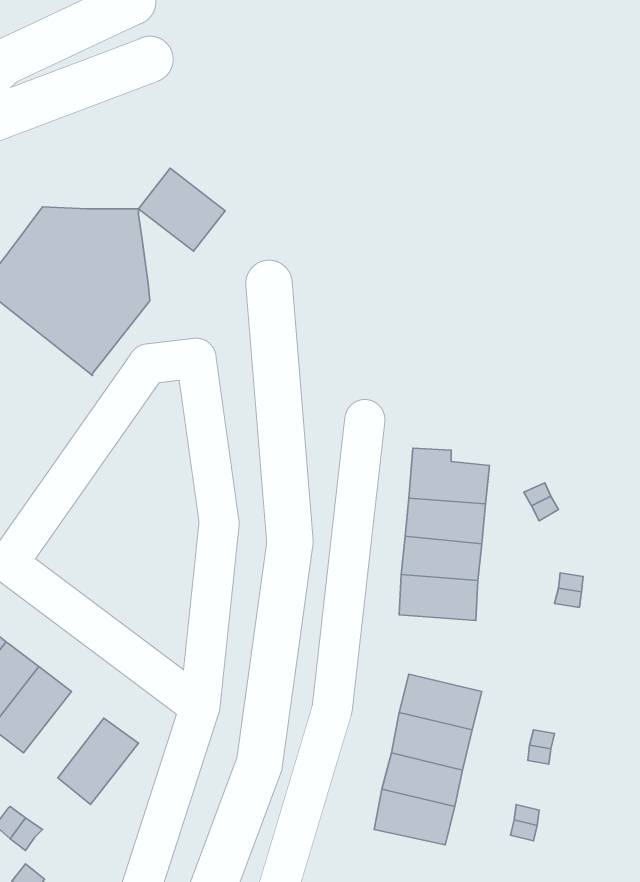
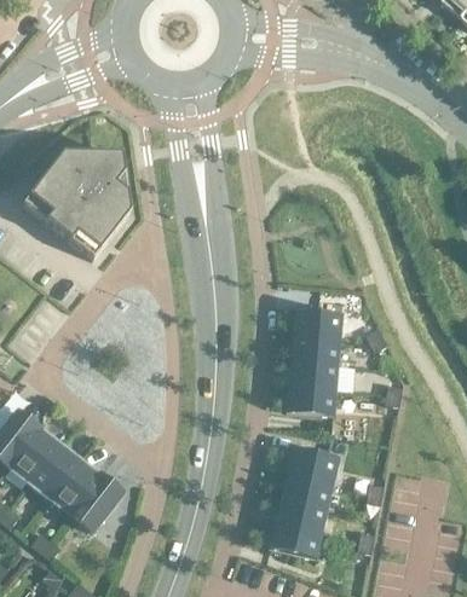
building: [138,168,225,251] -> none
building: none -> [50,459,100,514]

